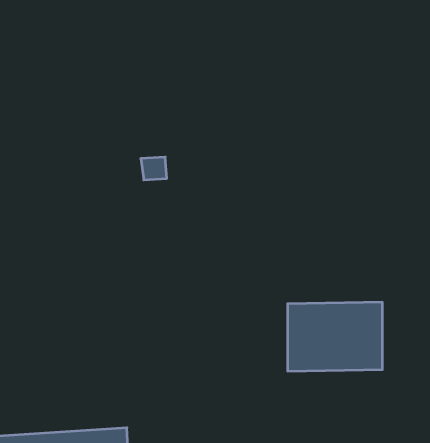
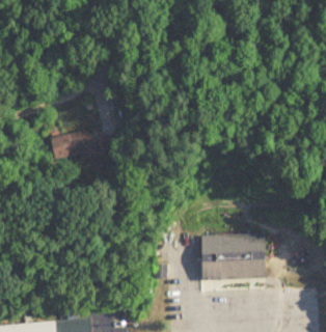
building: none -> [49,128,94,159]

